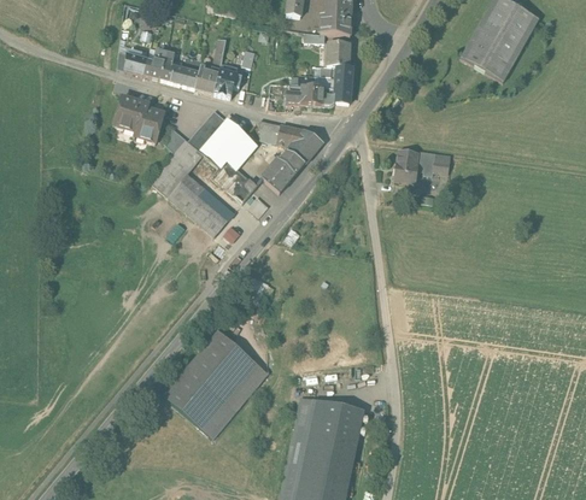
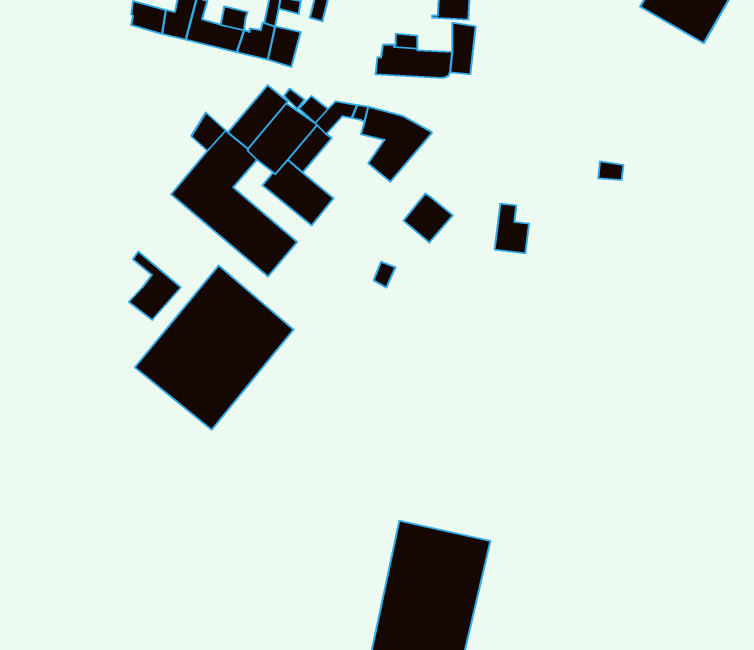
building: [113,95,164,142] -> none
building: [394,149,417,182] -> [495,204,529,253]
building: [263,158,295,190] -> [404,193,453,243]
building: none -> [129,251,181,320]
building: [163,329,268,437] -> [135,265,294,430]

